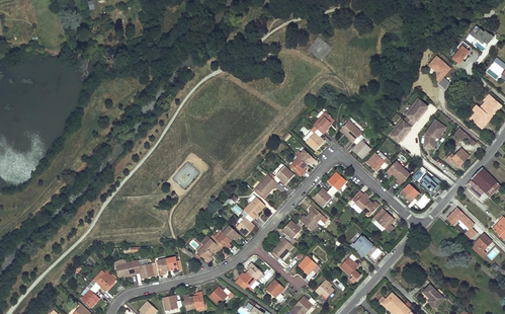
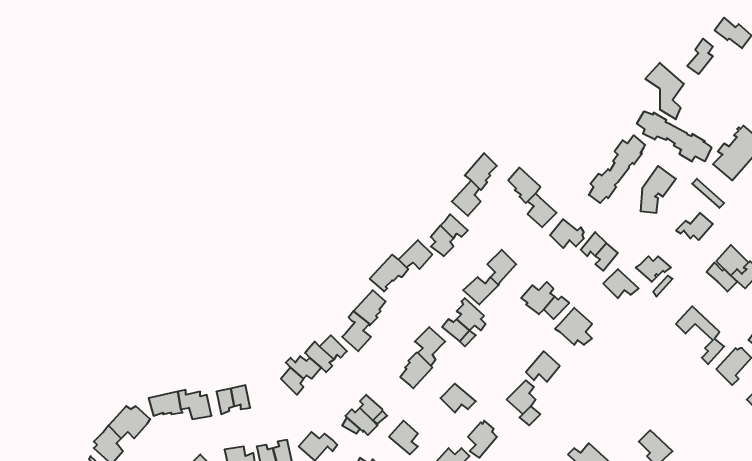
building: none -> [637,111,711,162]

